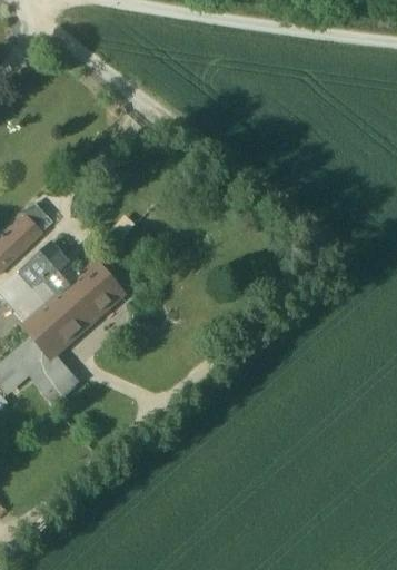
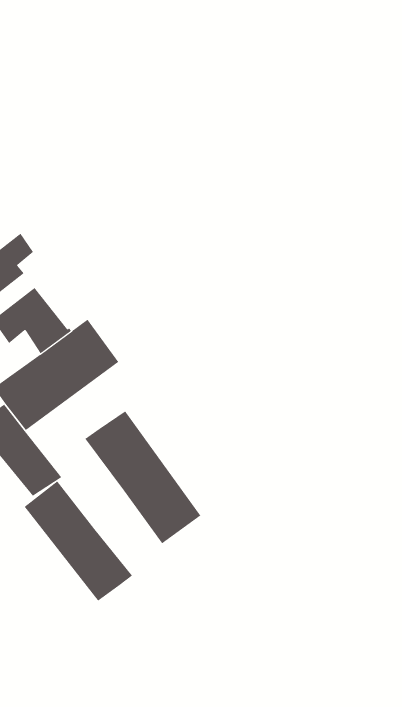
building: none -> [84,410,201,544]
building: none -> [24,480,133,602]

